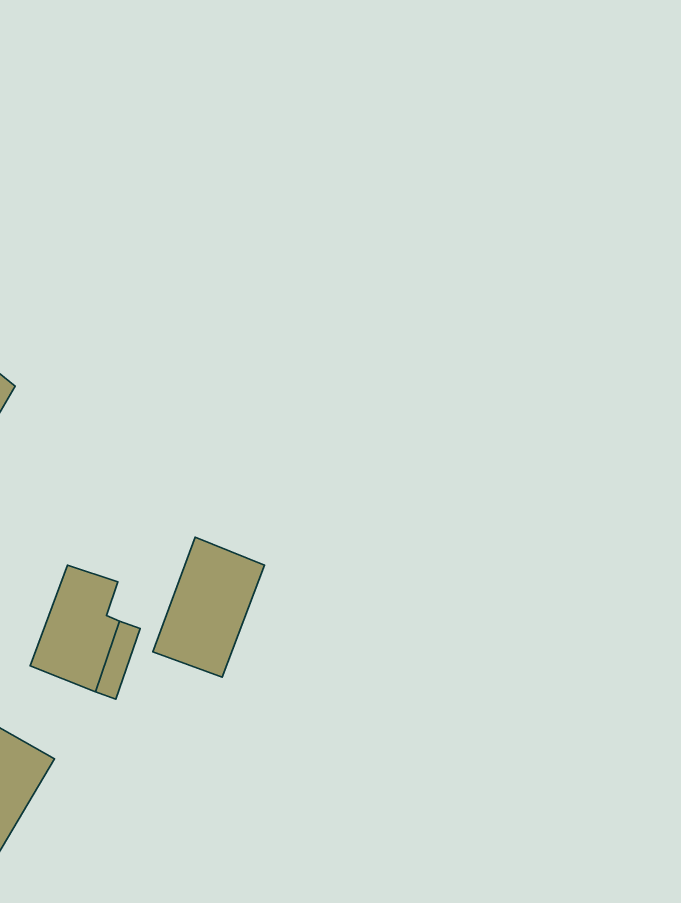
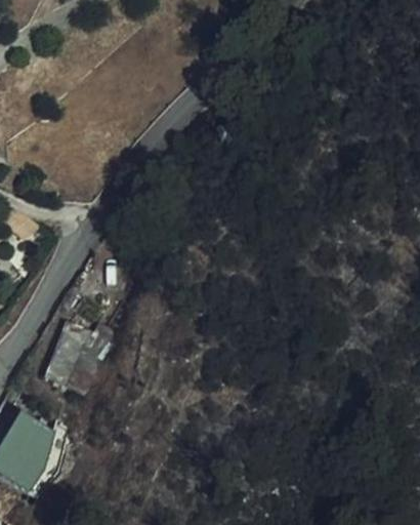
building: [153,537,264,677] -> none

